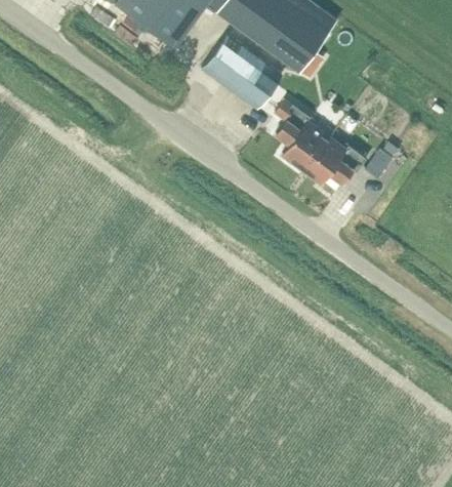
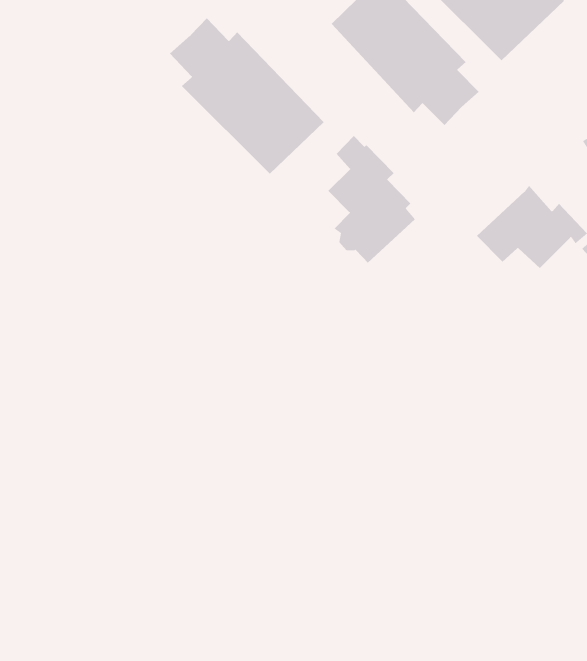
building: none -> [169,17,325,174]
building: [273,99,325,170] -> [328,135,416,264]

